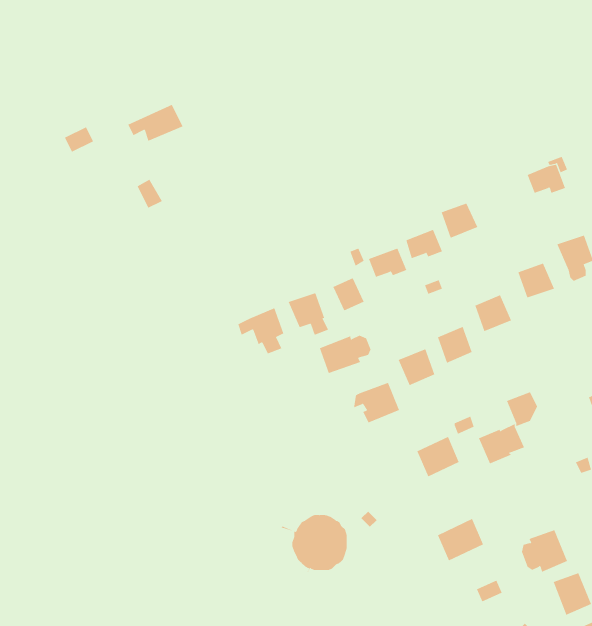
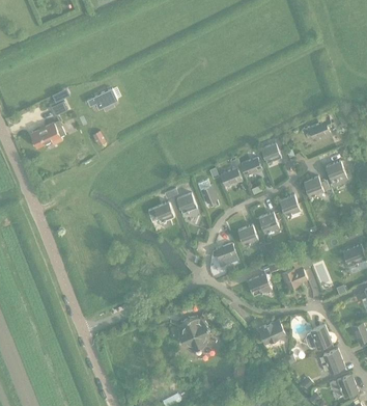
building: none -> [29,118,64,146]
building: [319,335,371,374] -> none

